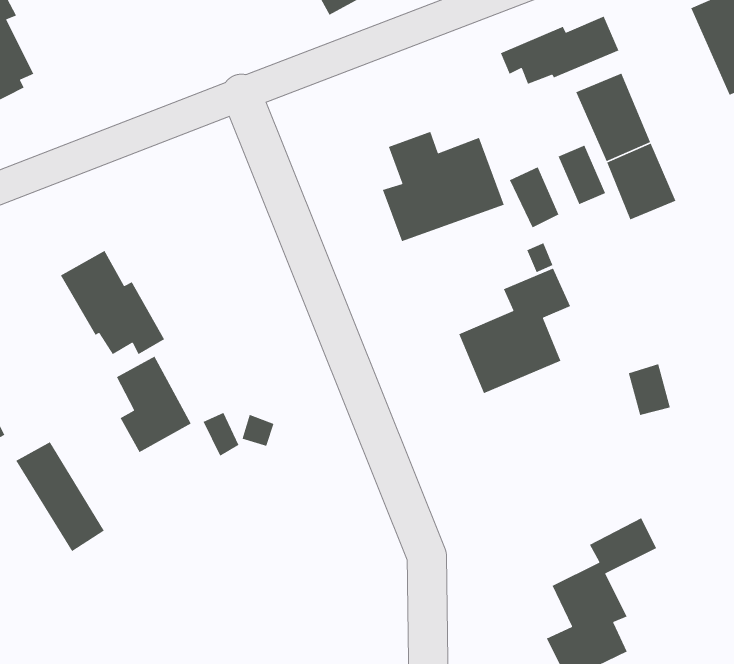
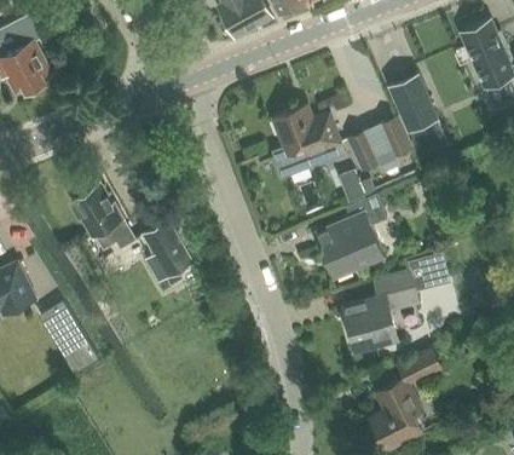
building: [500,15,620,85] -> none
building: [116,355,192,453] -> [144,220,191,281]
building: none -> [343,271,417,349]

